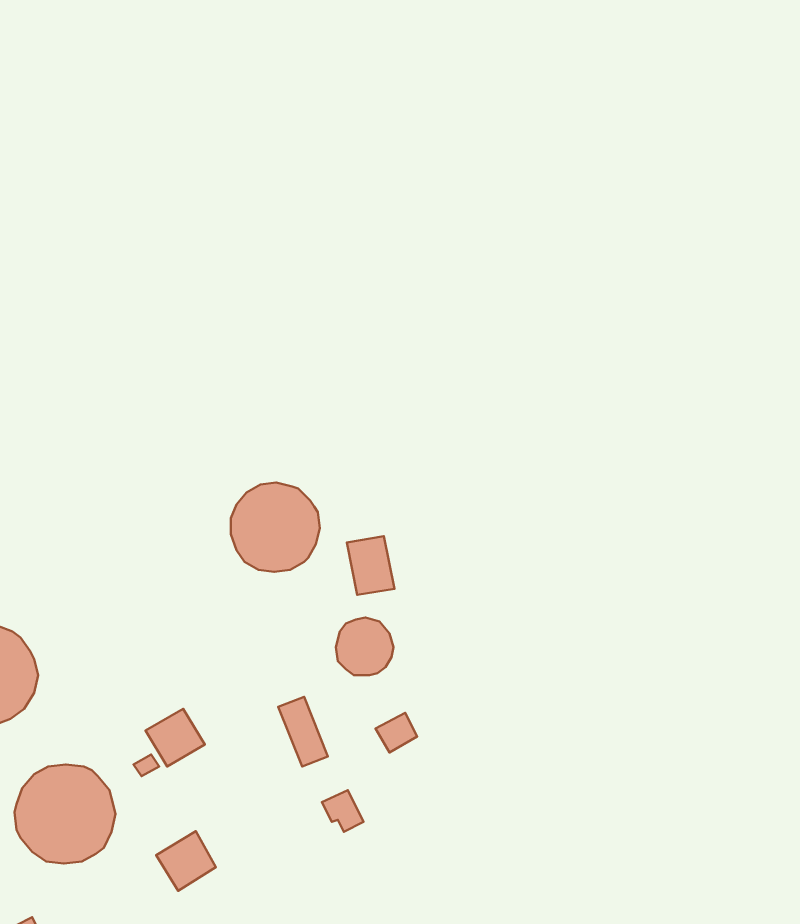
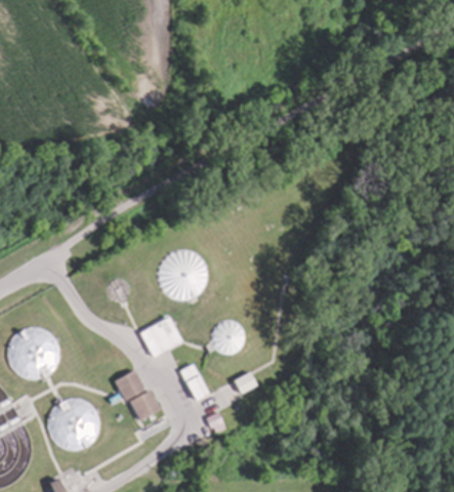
building: [347,536,394,595] -> none
building: none -> [140,318,181,357]
building: [156,831,216,891] -> [130,389,161,420]

